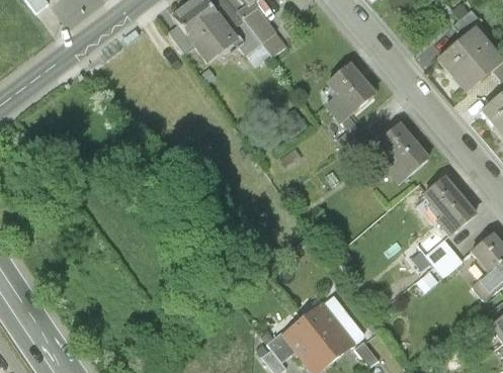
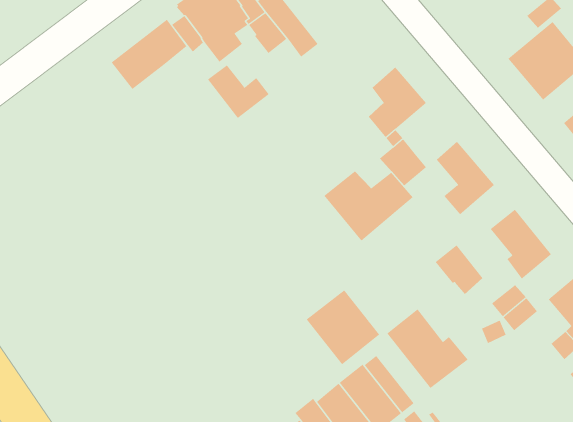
building: none -> [111,19,187,90]
building: none -> [207,64,269,119]
building: none -> [324,171,414,241]
building: none -> [435,245,483,295]
building: none -> [306,289,381,365]
building: none -> [387,309,469,389]

